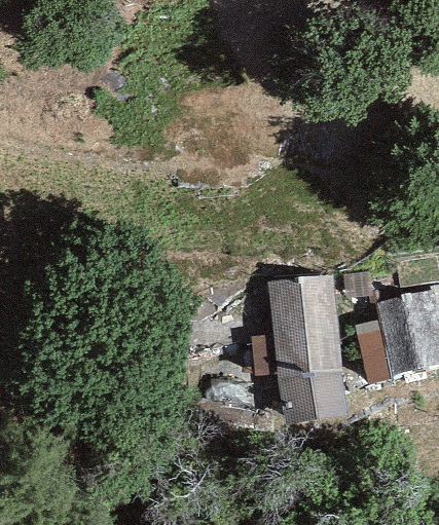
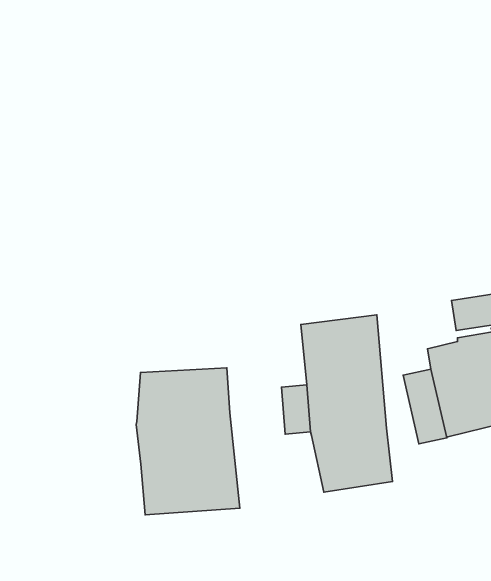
building: none -> [136,368,240,515]

